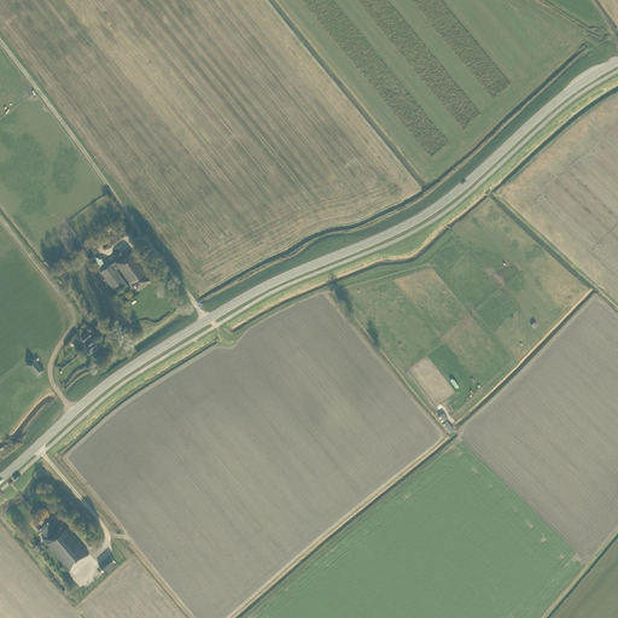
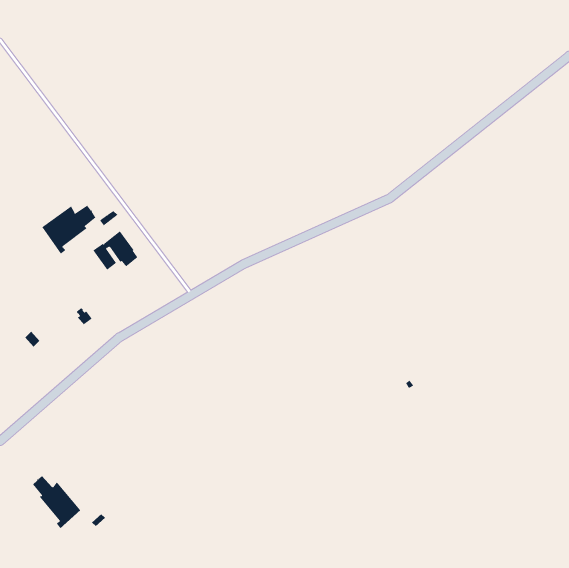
building: none -> [42,205,96,255]

